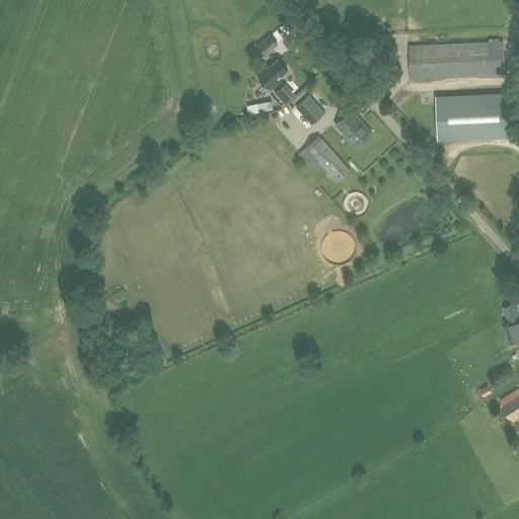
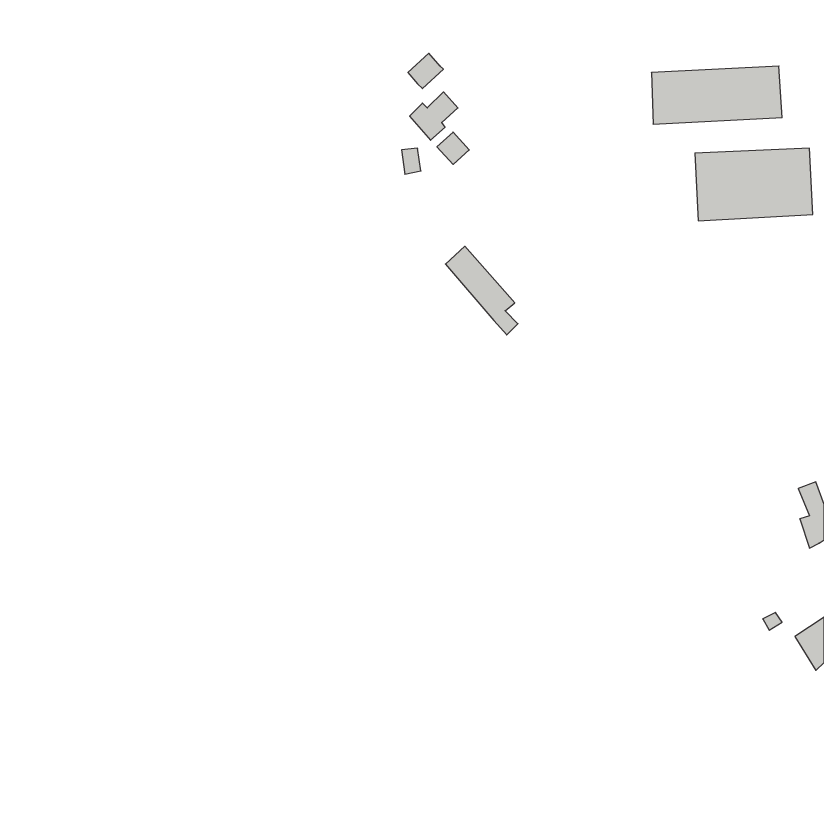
building: [296,95,324,125] -> none
building: [336,109,371,146] -> none
building: [306,136,352,192] -> [445,246,518,335]

